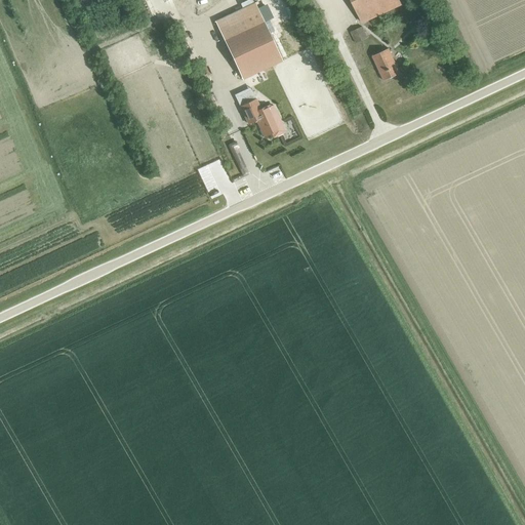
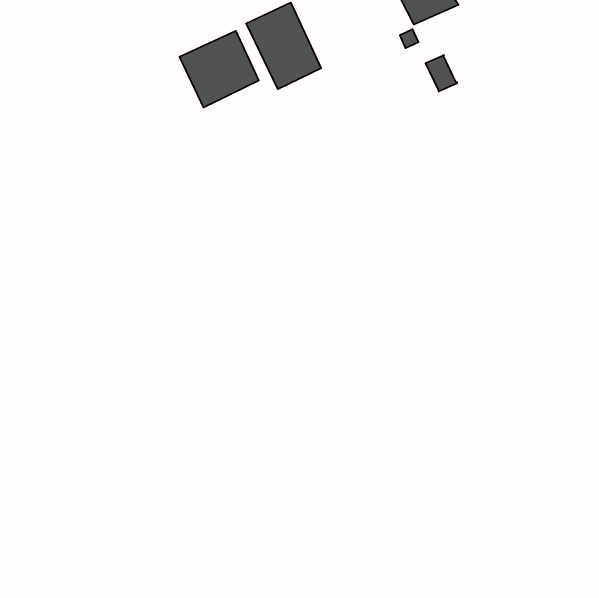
building: none -> [180,31,259,107]
building: [240,98,285,136] -> none

